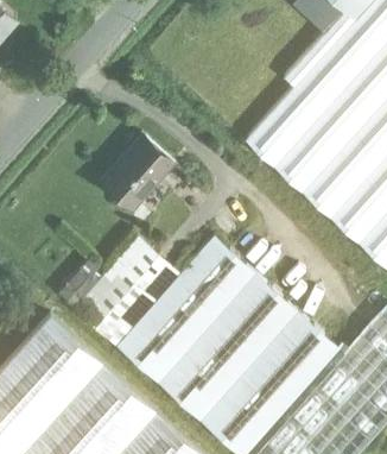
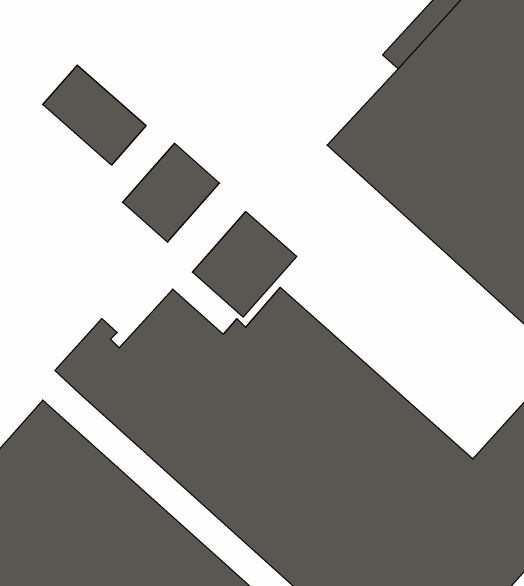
building: none -> [43,65,146,165]
building: none -> [192,212,297,317]

